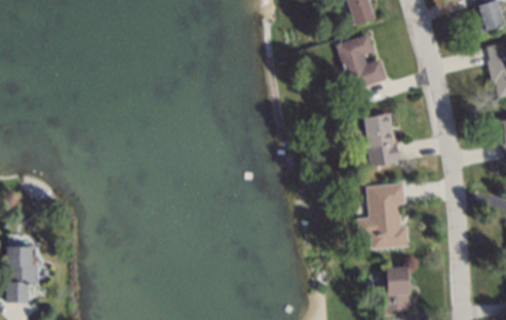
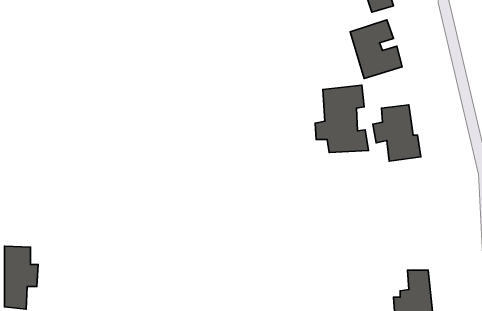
building: [360,184,411,247] -> [315,85,368,153]

